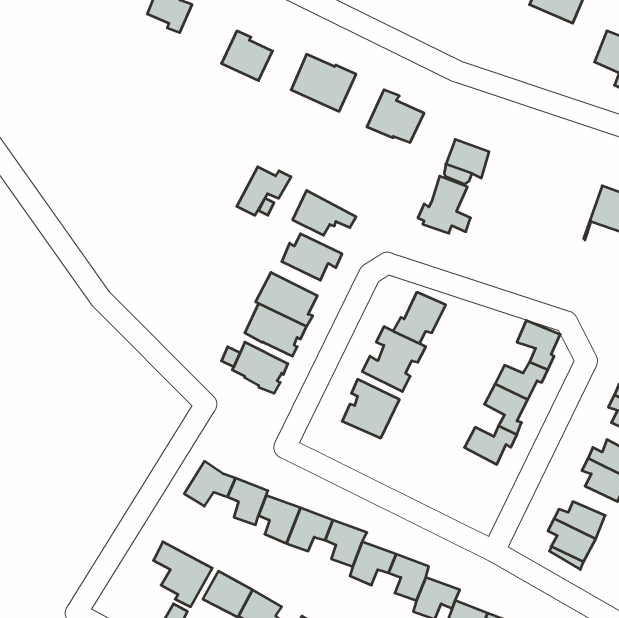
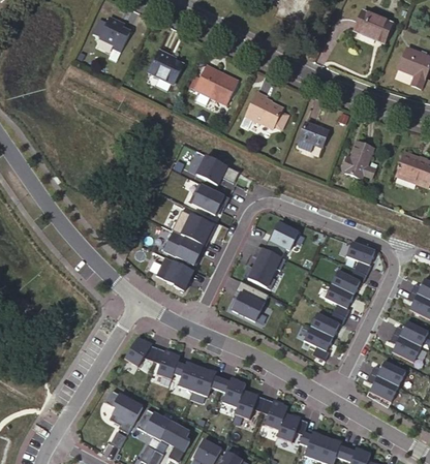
building: [237,167,291,215] -> none
building: [418,176,471,233] -> [343,134,378,173]
building: none -> [304,327,333,361]

